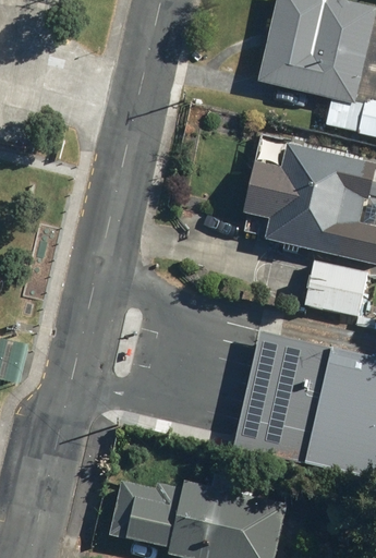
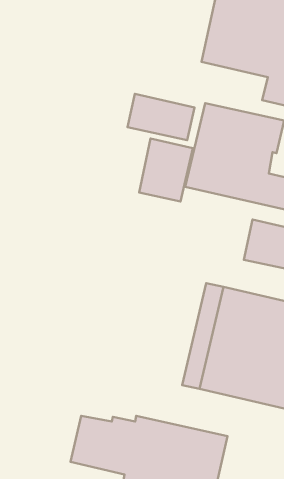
building: none -> [127,94,194,140]
building: none -> [139,139,193,202]

